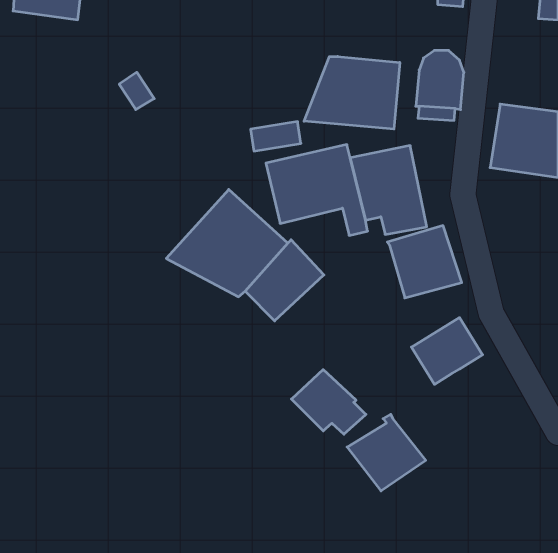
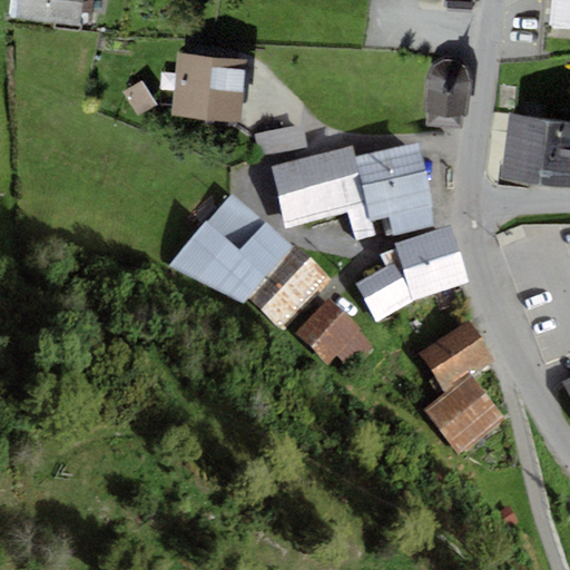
building: none -> [170,46,247,120]
building: [304,56,400,129] -> none
building: none -> [354,249,412,321]
building: [291,370,366,434] -> [295,301,371,366]
building: [347,414,426,491] -> [423,375,503,453]

